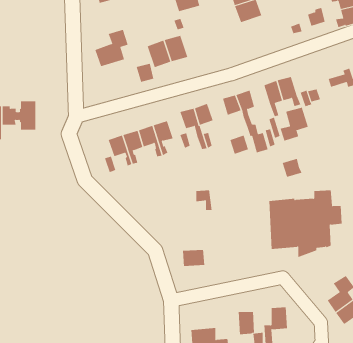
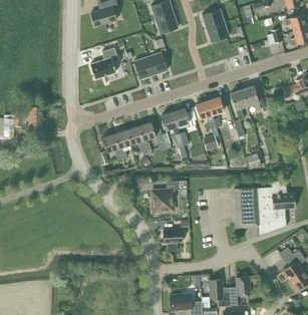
building: [280,107,309,142] -> none
building: none -> [150,190,174,213]

